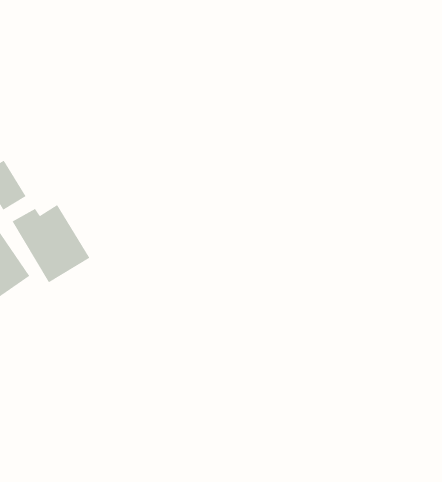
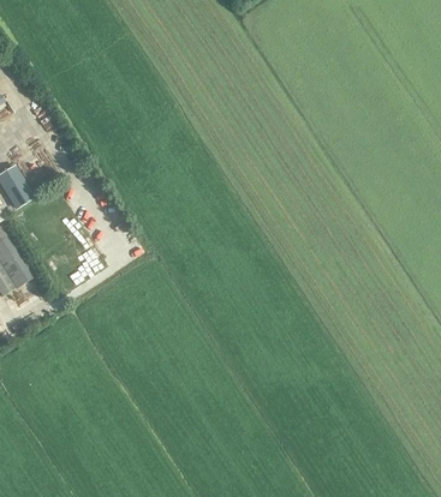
building: [12,204,90,283] -> none

